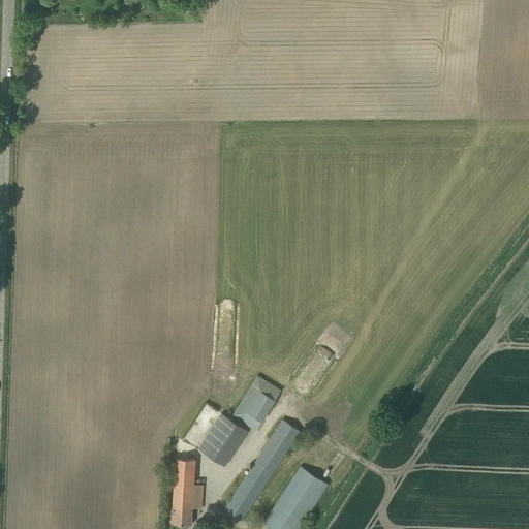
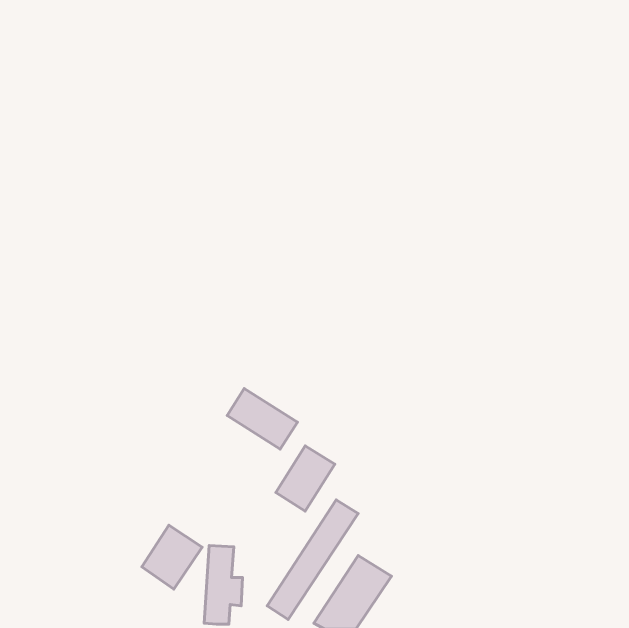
building: none -> [227,389,298,449]
building: [198,413,249,467] -> [142,525,202,589]

